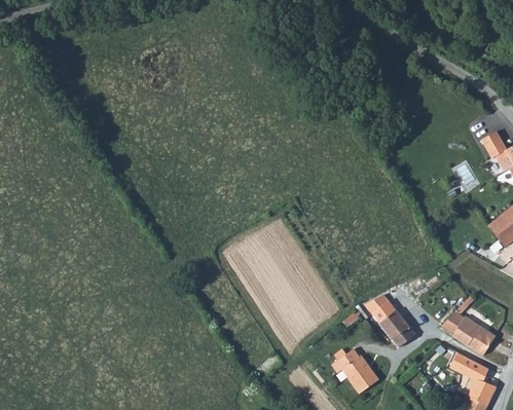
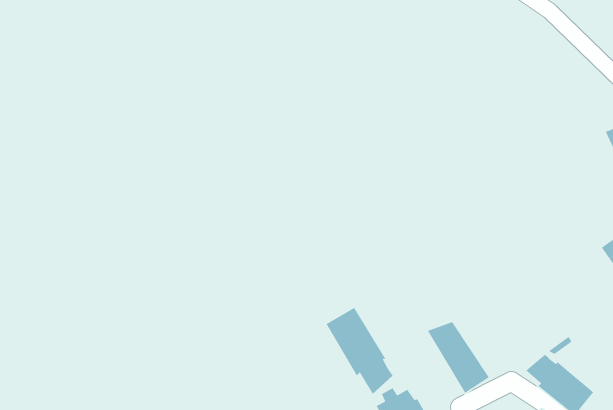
building: none -> [326,307,393,395]

